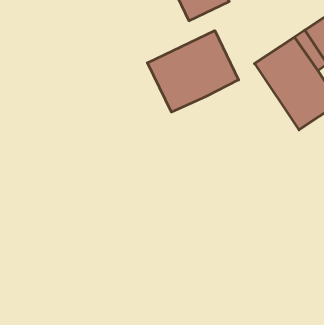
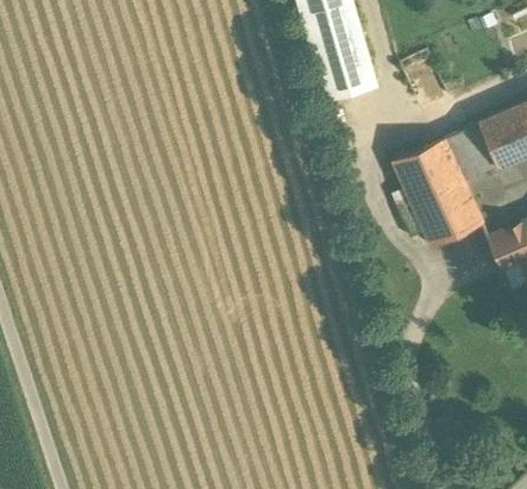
building: [147,31,239,112] -> none

